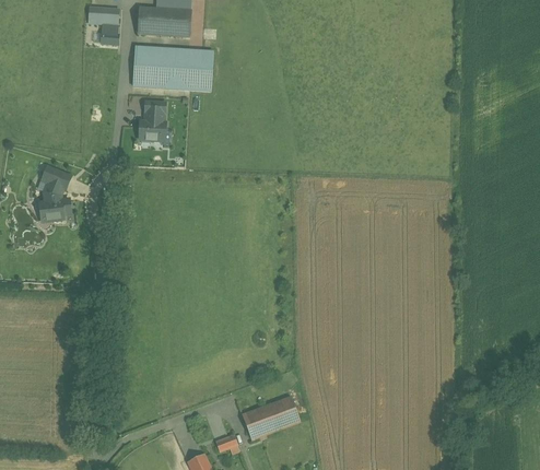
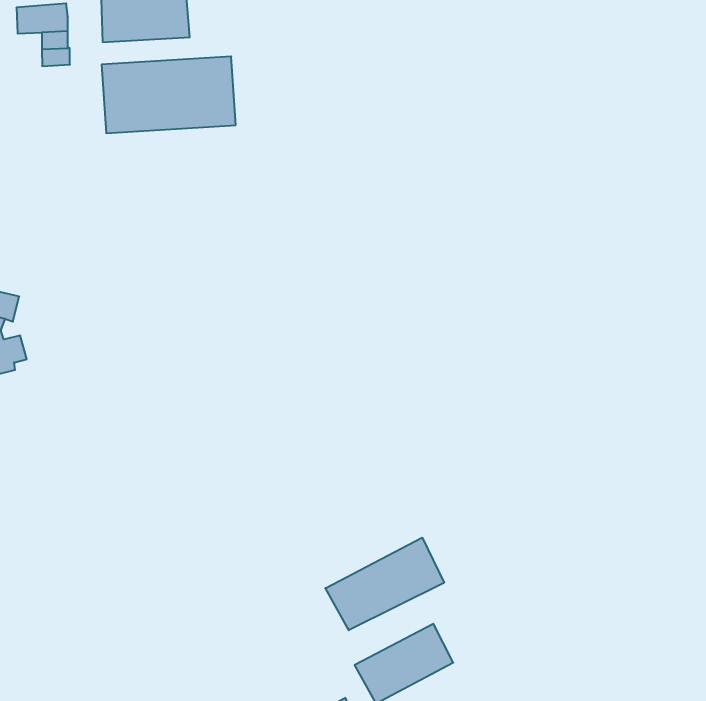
building: [140,99,166,140] -> none
building: none -> [325,538,444,630]

